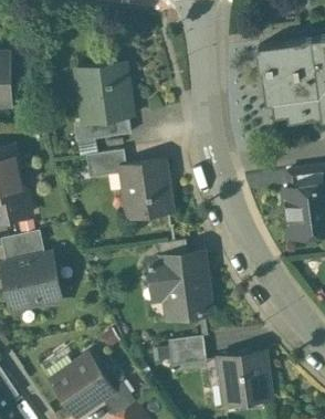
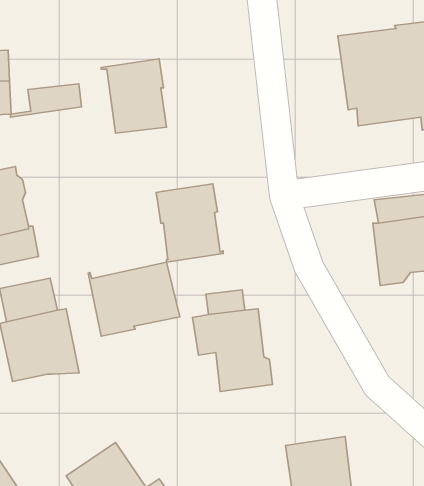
building: [75,116,129,142] -> [10,84,82,117]
building: [85,150,125,178] -> none
building: none -> [88,262,180,336]
building: [167,336,205,359] -> none

